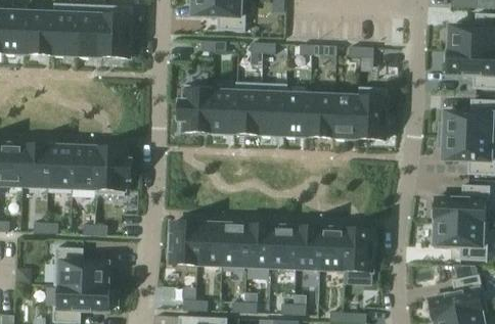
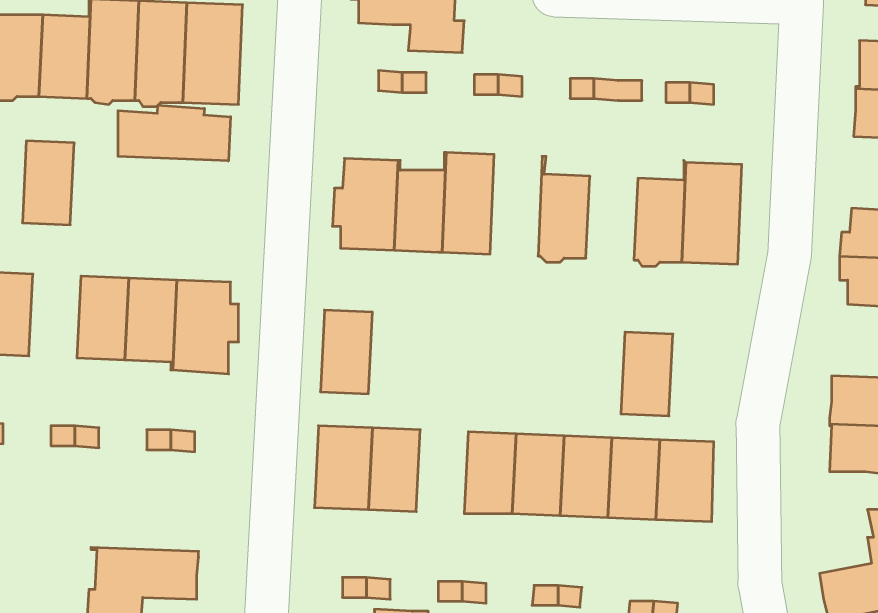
building: none -> [118,105,231,161]
building: [259,83,285,137] -> none
building: [308,94,334,137] -> [621,332,673,416]
building: [22,144,49,187] -> [22,141,74,225]
building: [221,224,248,267] -> [320,310,372,394]
building: [54,246,109,286] -> none

